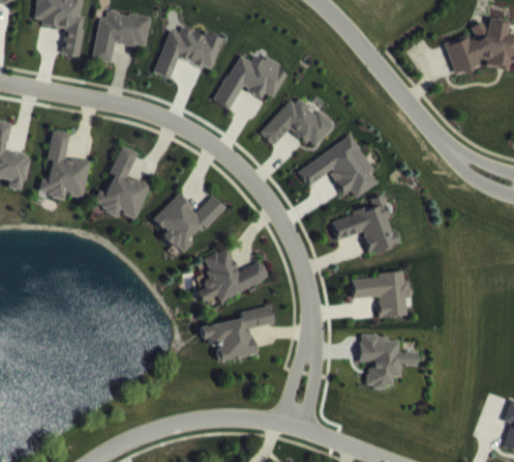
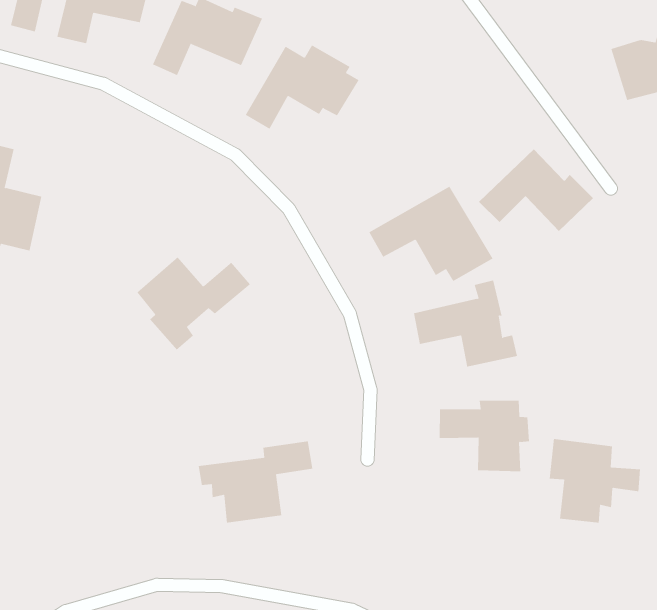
building: [260,96,333,148] -> [478,149,594,232]
building: [92,146,149,219] -> none
building: [196,248,269,302] -> none
building: [359,336,417,387] -> [549,439,641,523]

